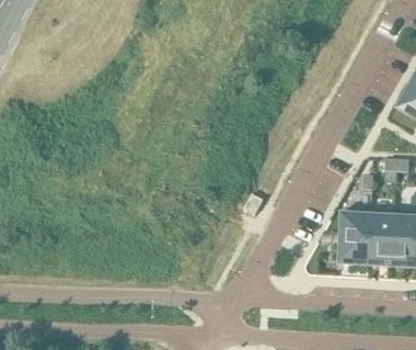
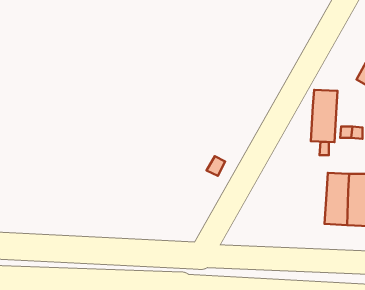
building: [343,205,371,261] -> [311,90,338,142]

